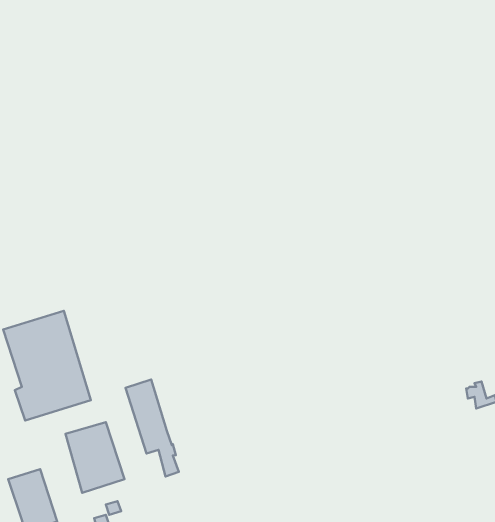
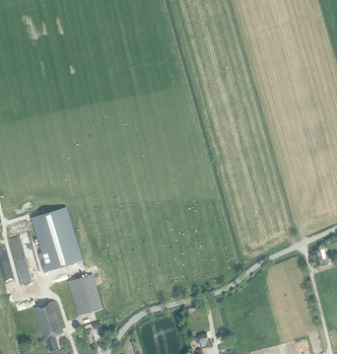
building: [126,380,179,476] -> none

